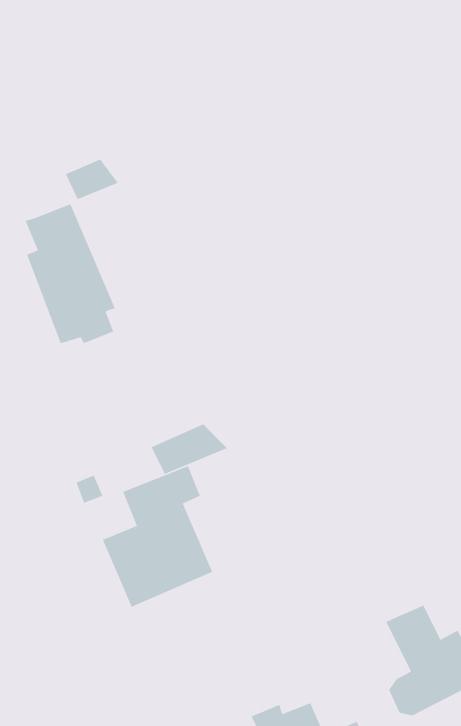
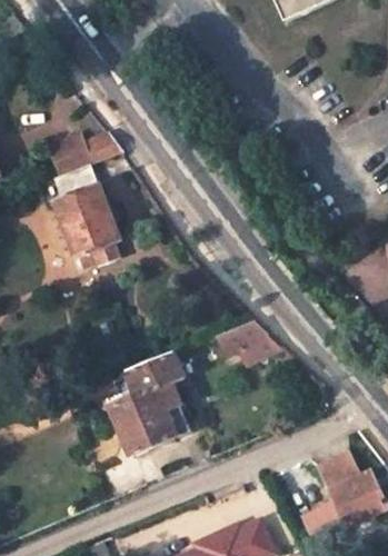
building: none -> [49,133,91,175]
building: [151,424,228,475] -> [216,318,271,355]

